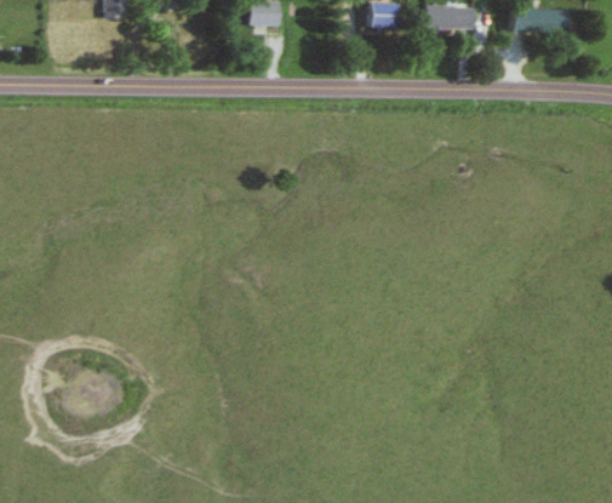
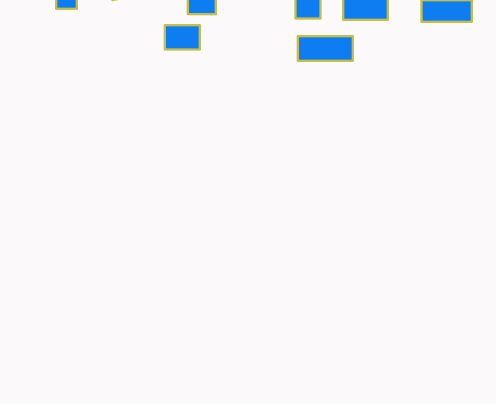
building: none -> [165,25,200,49]
building: none -> [298,36,353,61]

